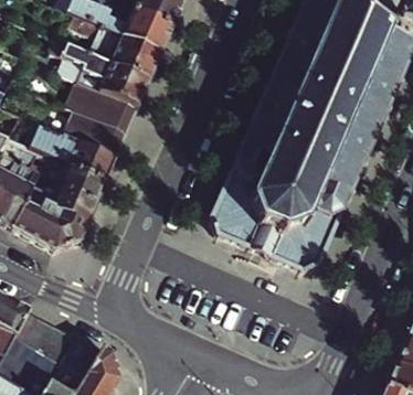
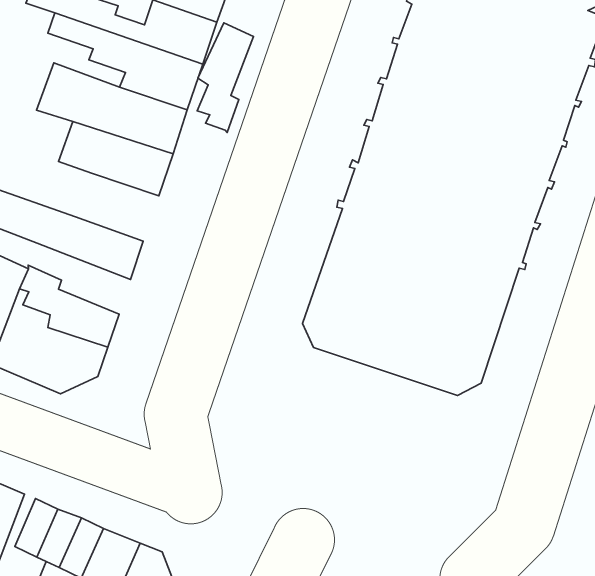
building: none -> [197,23,253,133]
building: [76,114,129,159] -> none
building: [44,154,107,203] -> none

